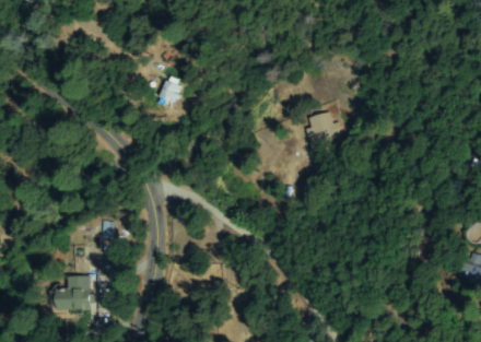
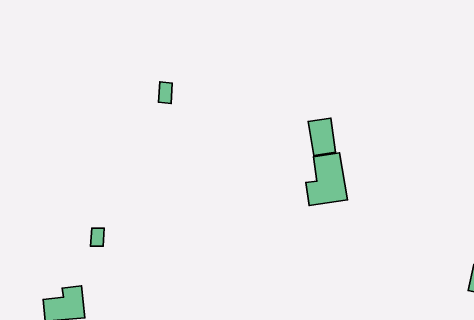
building: none -> [306,153,347,205]

